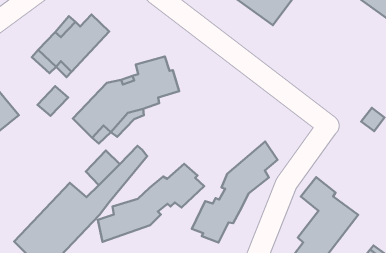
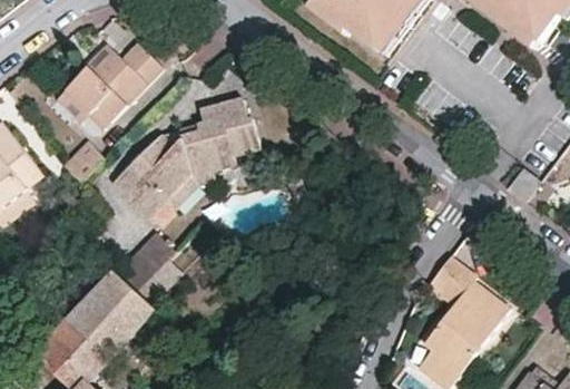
building: [192,142,278,242] -> none
building: [98,164,204,242] -> none

